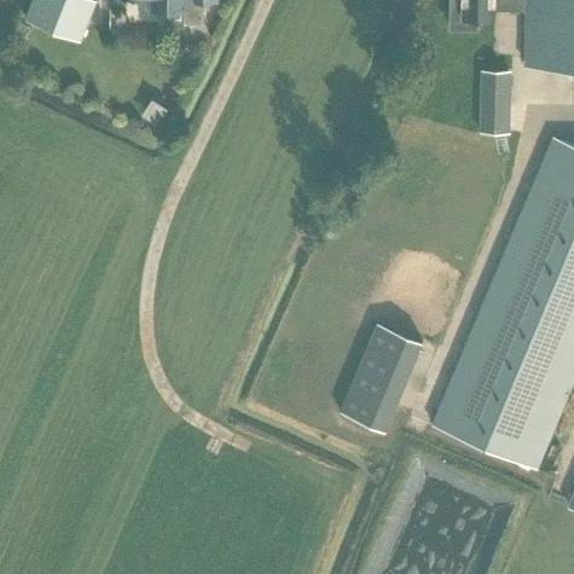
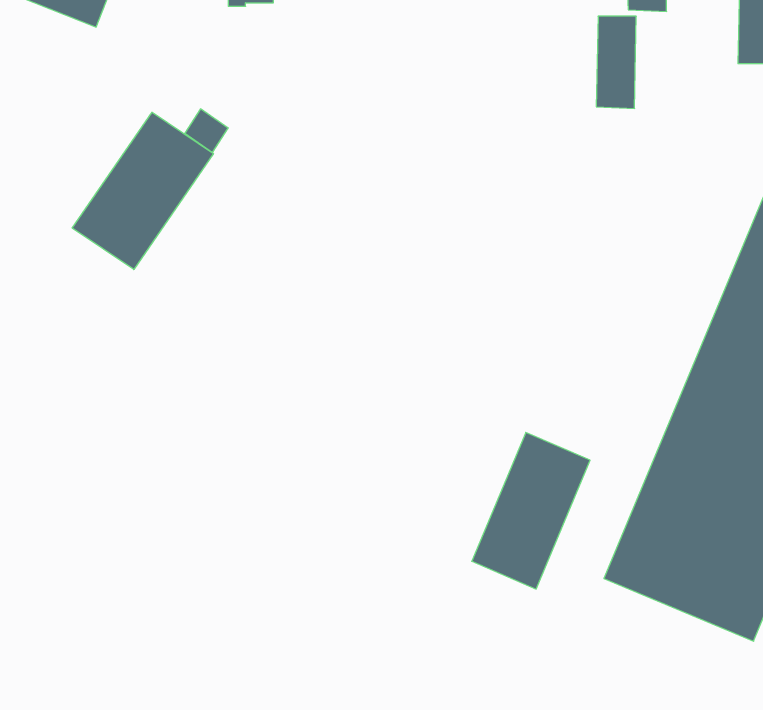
building: [481,71,509,135] -> [596,16,636,108]
building: none -> [72,112,213,270]

